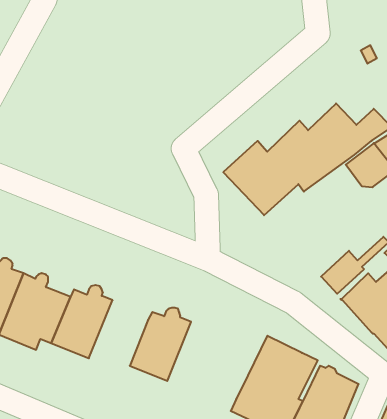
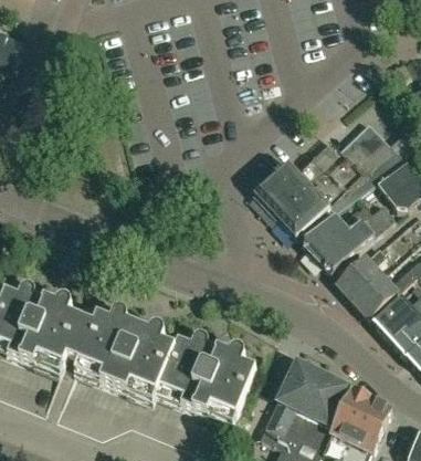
building: none -> [297,205,393,273]
building: none -> [336,247,385,301]
building: none -> [114,324,175,392]
building: none -> [194,347,255,425]

